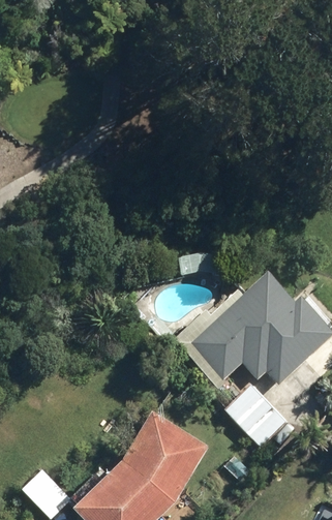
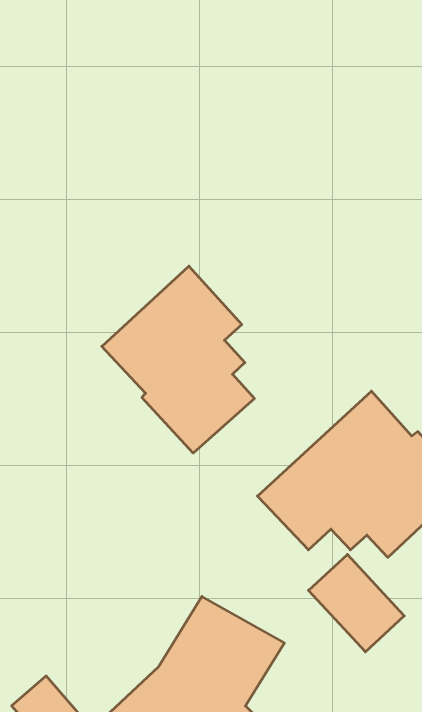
building: none -> [102,266,254,453]

